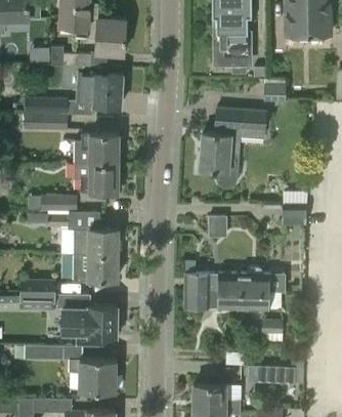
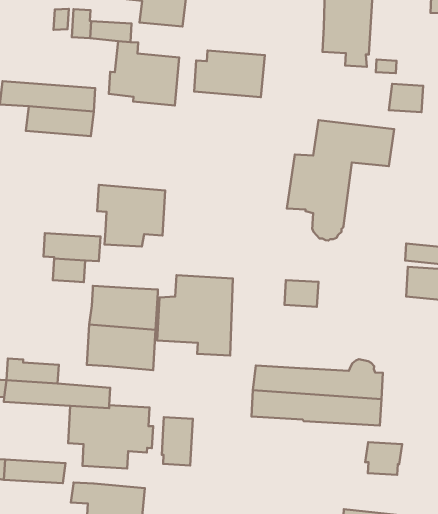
building: [75,135,120,164] -> [194,50,265,97]
building: none -> [157,275,233,356]
building: none -> [162,417,193,465]

